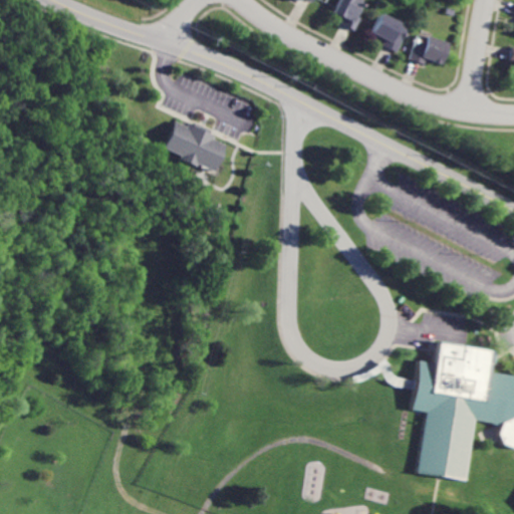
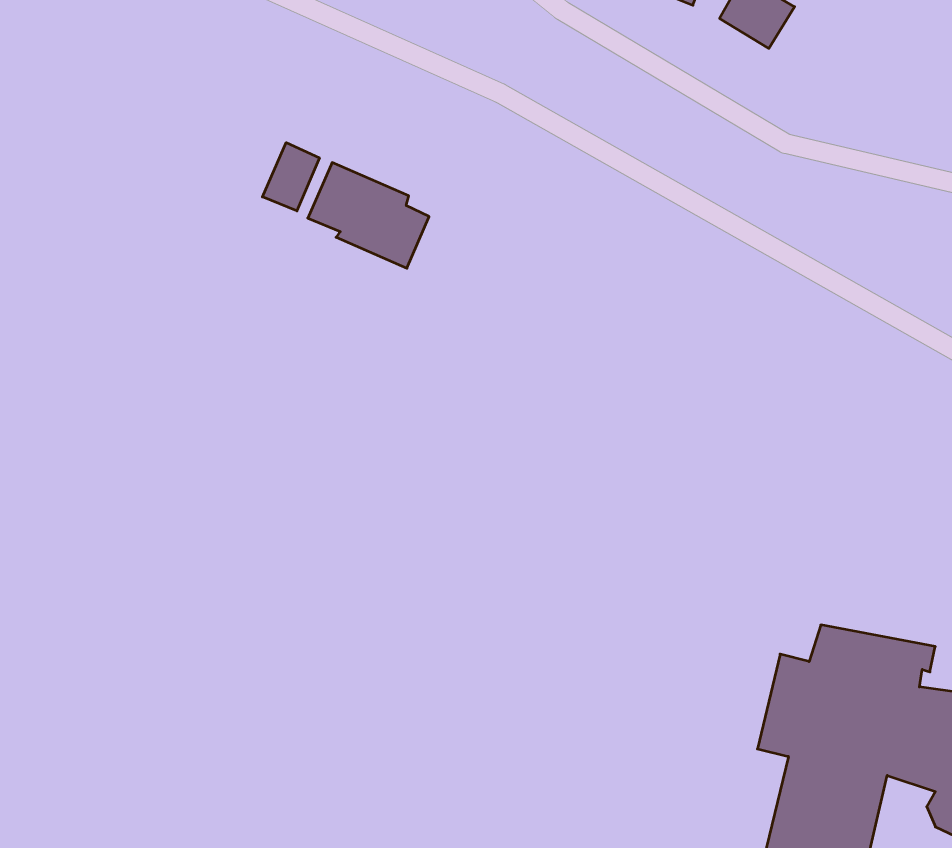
building: [411,33,450,66] -> none
building: none -> [262,143,319,211]

